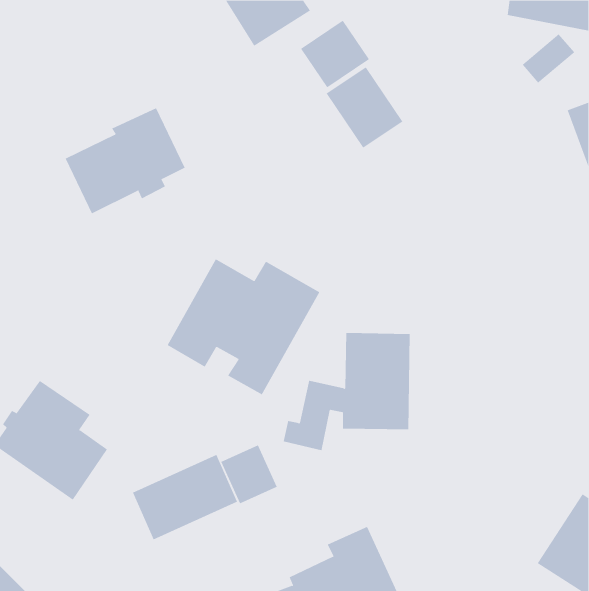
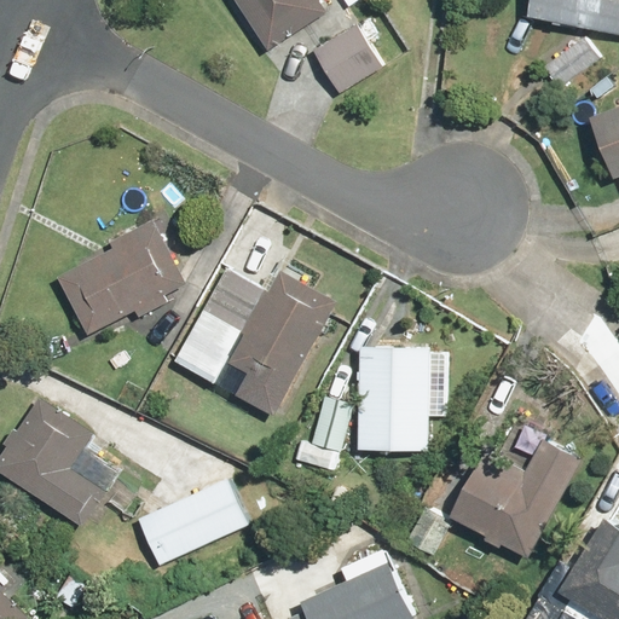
building: [326,66,403,149] -> none
building: [65,108,185,214] -> [58,222,184,334]
building: none -> [449,439,584,561]
building: [221,445,277,504] -> none

